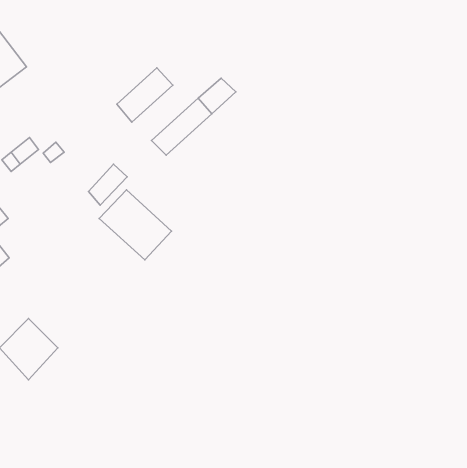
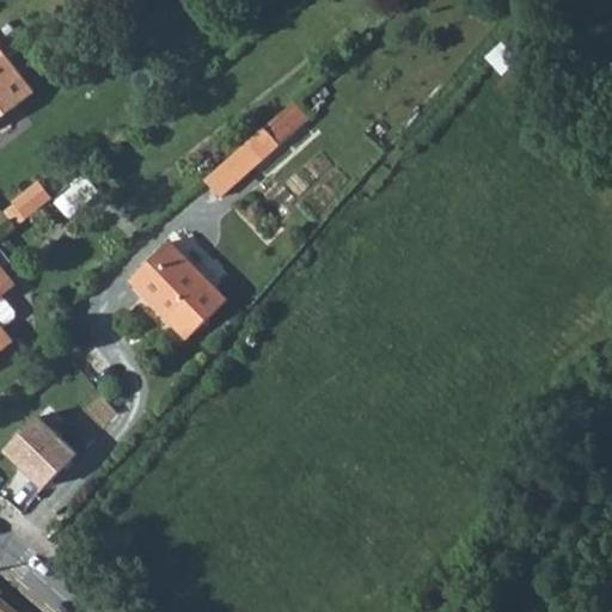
building: [117,68,173,122] -> none
building: [88,164,127,205] -> none

